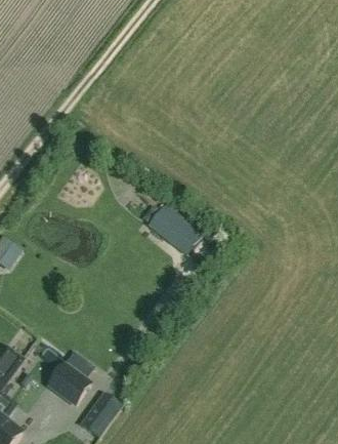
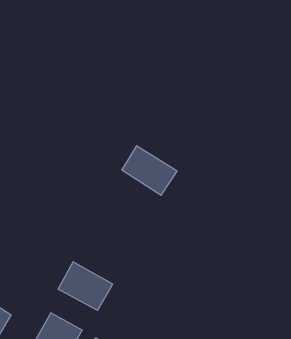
building: none -> [58,262,112,310]

